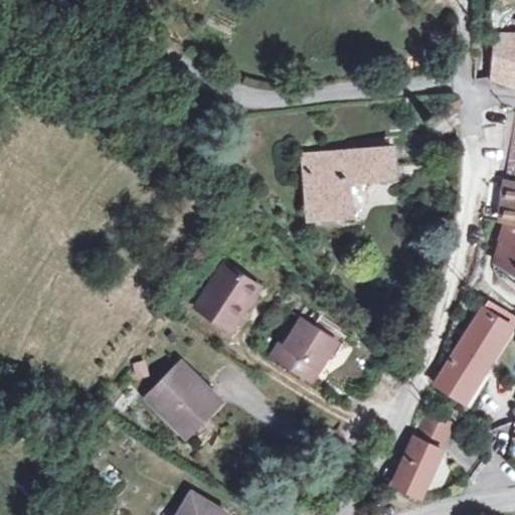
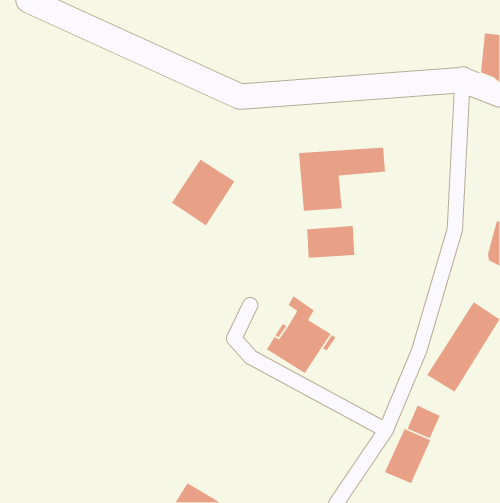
building: none -> [305,225,355,258]
building: [195,264,262,333] -> [171,158,236,226]
building: [146,363,220,436] -> none

